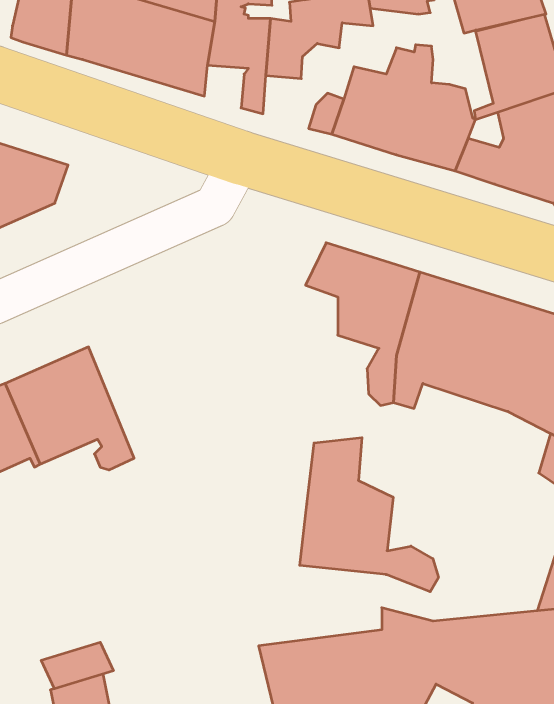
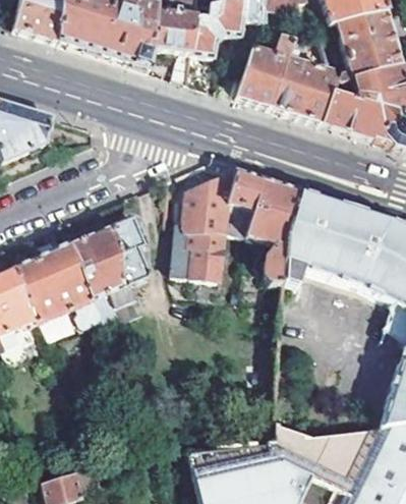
building: none -> [173,166,242,280]
building: none -> [69,215,151,322]
building: [300,438,438,592] -> none
building: [41,642,113,689] -> none

